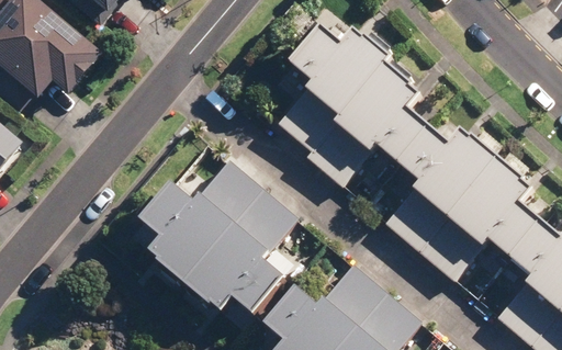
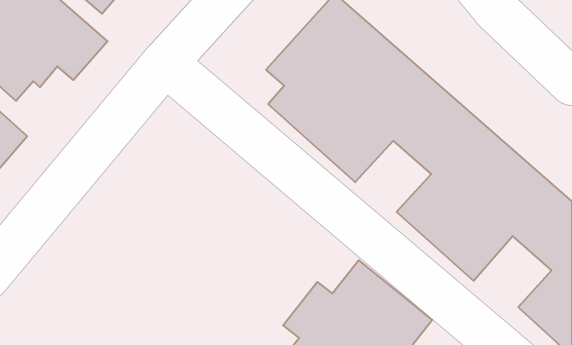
building: [149,162,297,314] -> none

